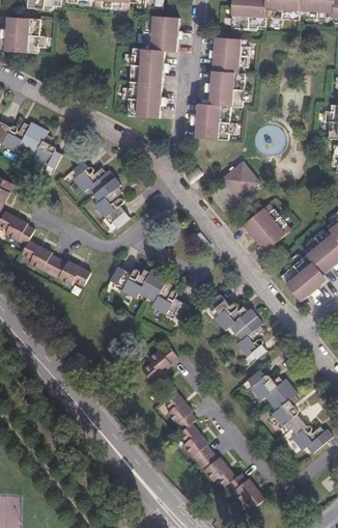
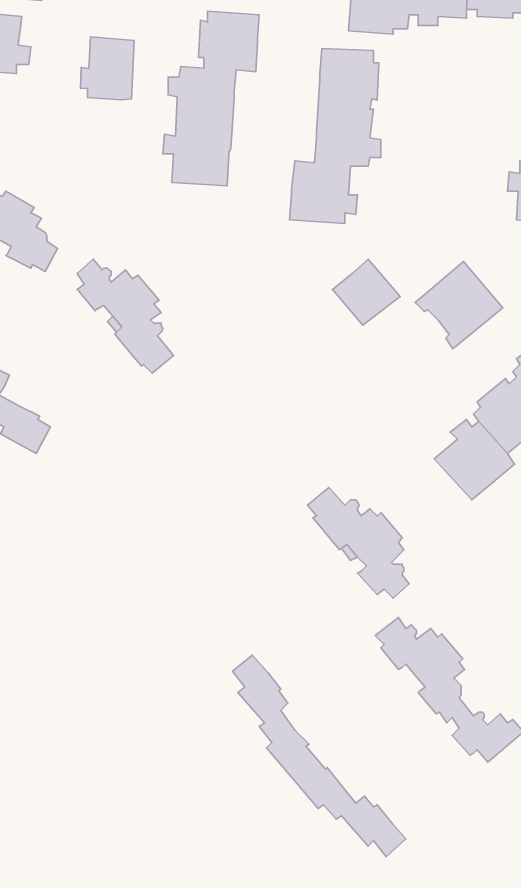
building: none -> [81,37,134,100]
building: [240,202,290,253] -> [415,262,503,349]
building: [49,257,89,284] -> none
building: [109,265,189,319] -> none
building: [142,344,177,382] -> none

